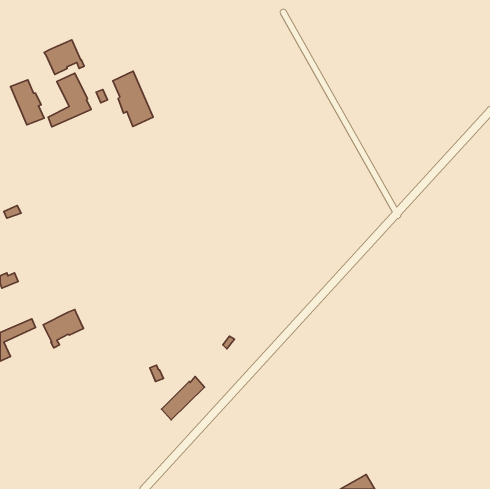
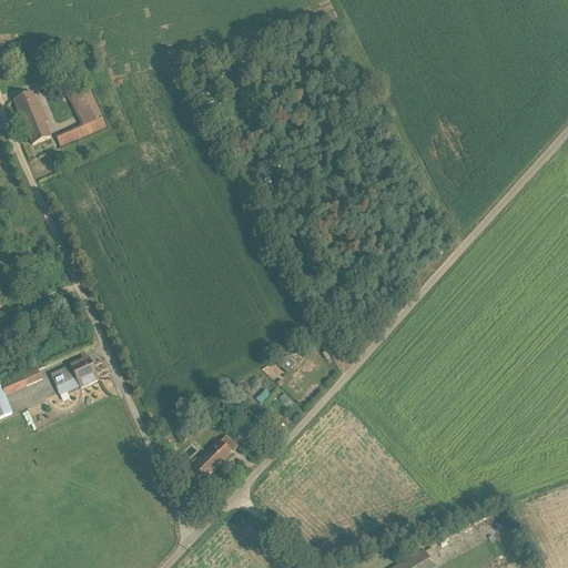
building: [44,40,84,74] -> none
building: [113,71,153,127] -> none

